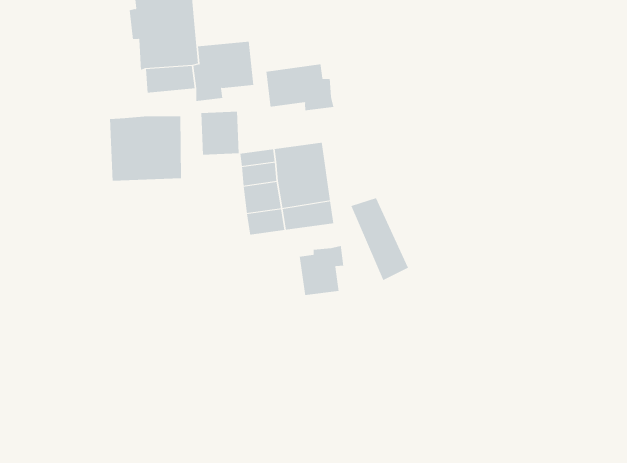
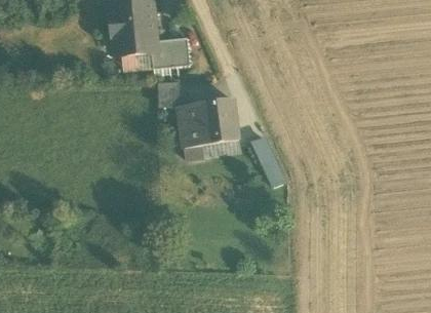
building: [266,63,334,111] -> none
building: [109,115,182,181] -> none
building: [299,245,344,296] -> none

